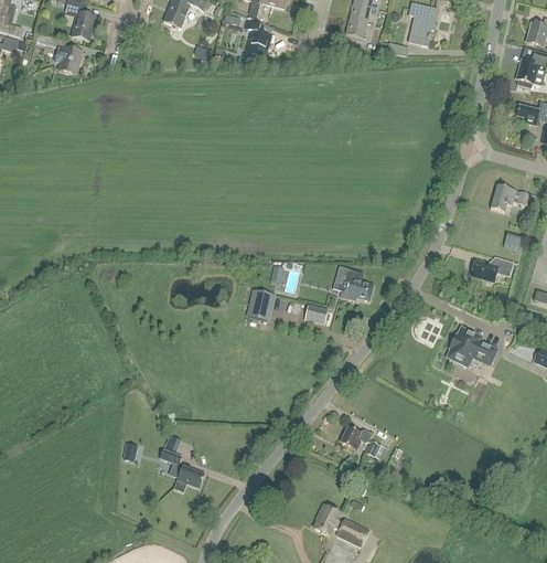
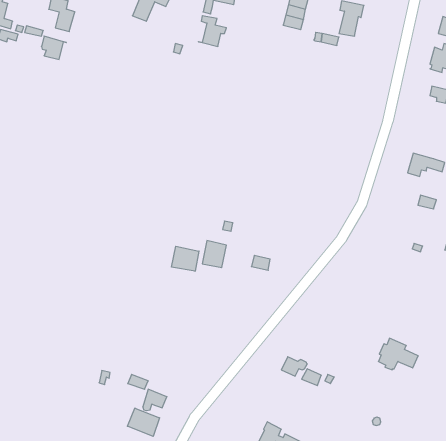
building: [471,256,513,283] -> none
building: [340,268,373,300] -> none
building: none -> [172,246,199,271]
building: [448,328,495,365] -> [378,338,418,370]
building: none -> [127,408,160,436]

